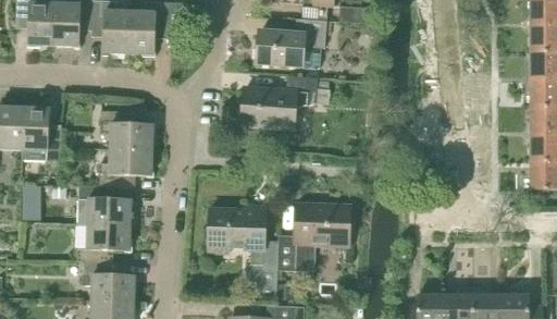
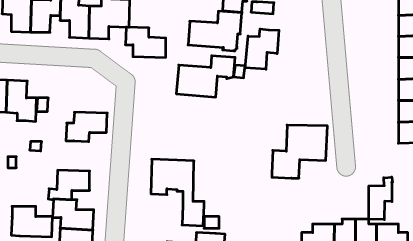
building: none -> [245,29,279,69]
building: [100,110,152,149] -> [125,27,166,57]
building: [77,185,131,224] -> [11,206,53,237]
building: [277,201,349,270] -> [272,125,327,178]
building: none -> [369,177,392,220]

